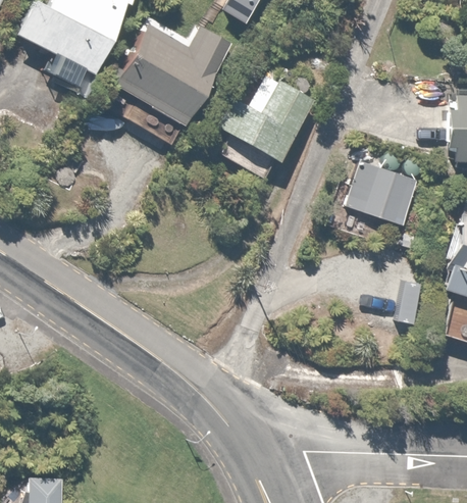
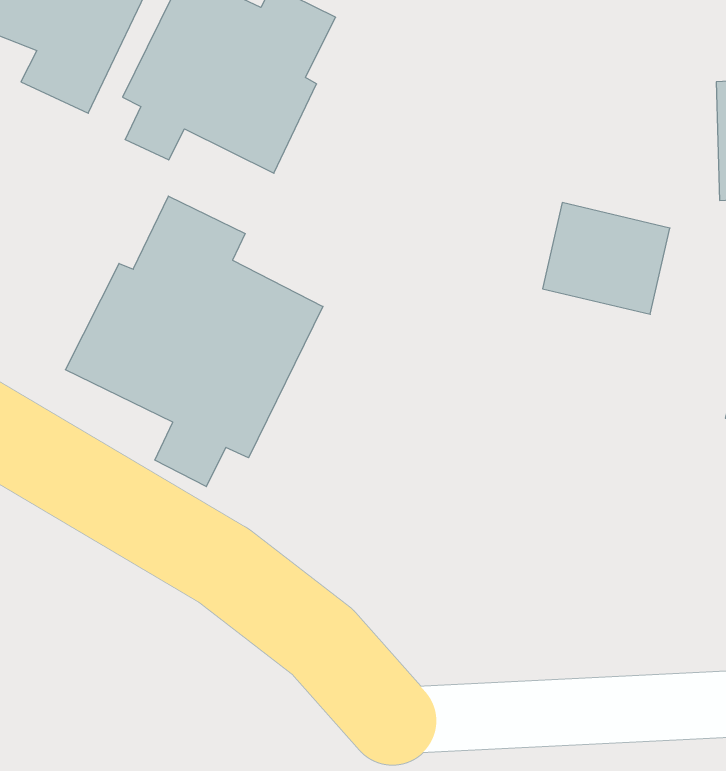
building: [214,69,314,177] -> none
building: none -> [65,196,323,487]

